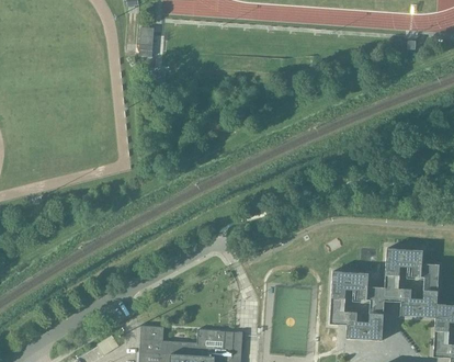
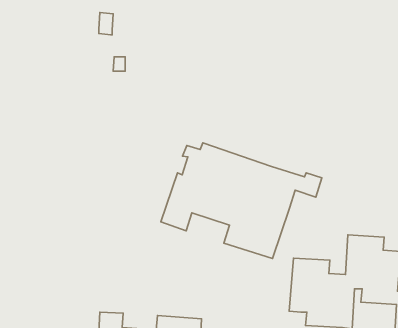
building: none -> [161,143,322,259]

